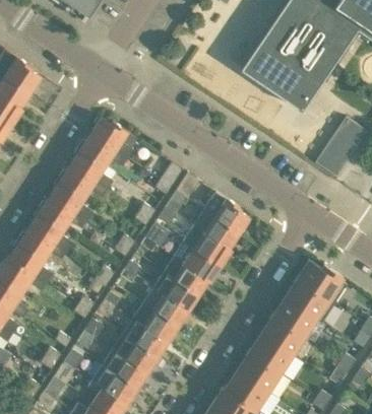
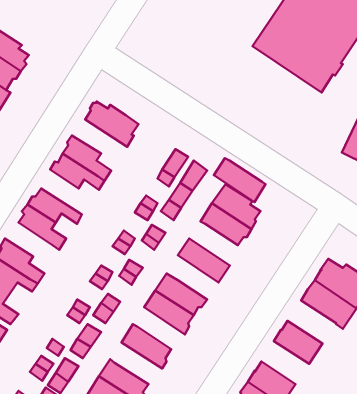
building: [77,136,127,167] -> none
building: [50,181,92,221] -> none
building: [183,227,230,267] -> [214,158,266,202]
building: [17,228,66,260] -> none
building: [163,258,209,297] -> none
building: [271,298,315,337] -> none
building: [132,304,179,342] -> none
building: [248,335,291,373] -> none
building: [112,336,159,373] -> none

